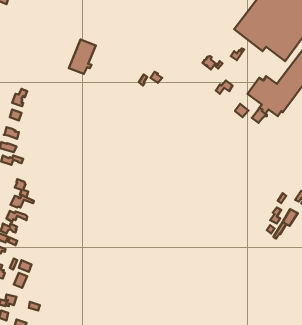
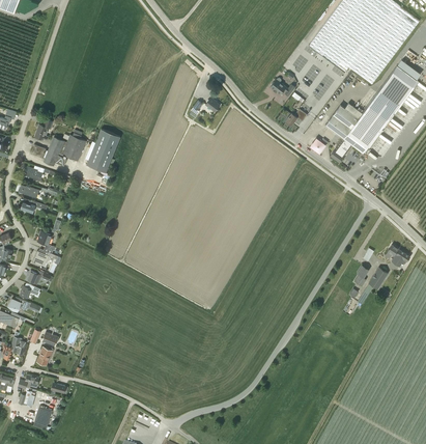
building: [69,40,96,74] -> [87,129,120,171]
building: none -> [45,129,86,165]

